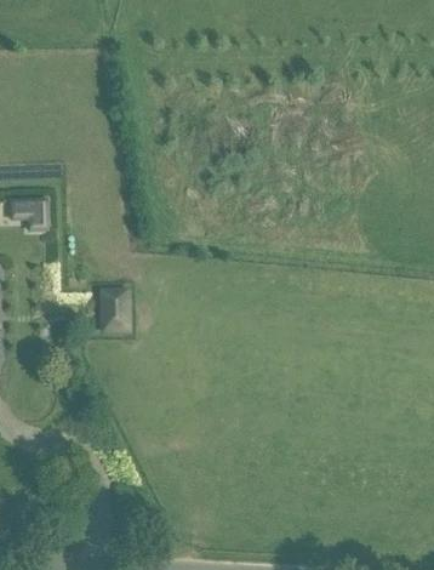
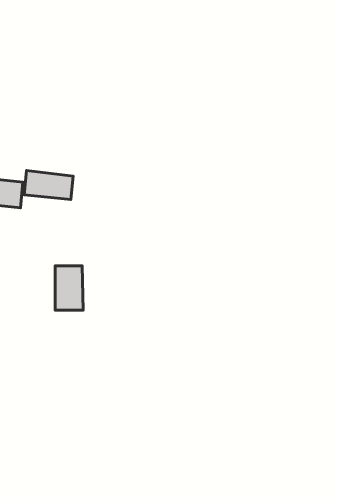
building: none -> [24,170,73,200]

